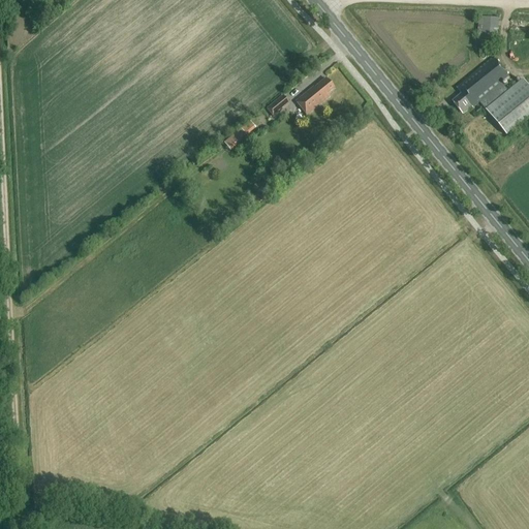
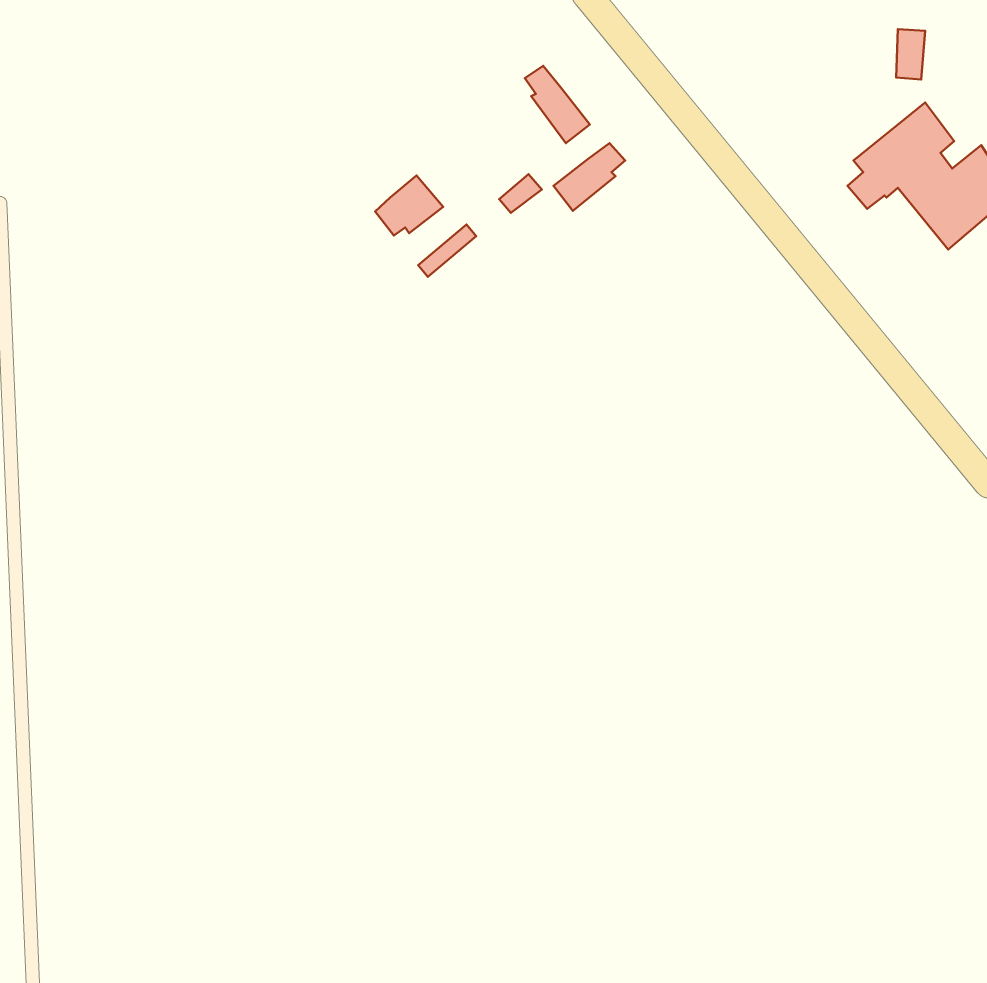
building: none -> [525,66,590,143]
building: none -> [375,175,443,235]

